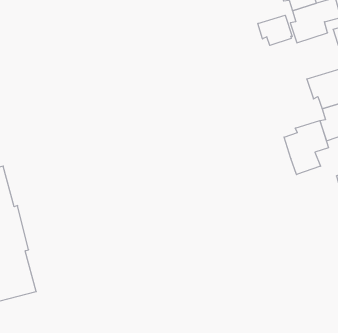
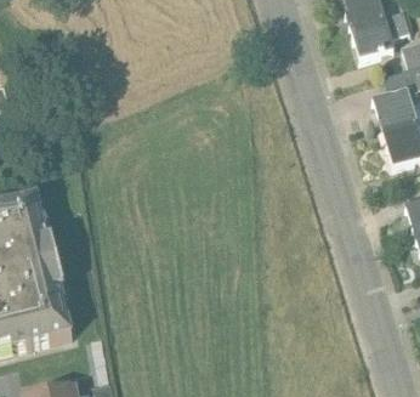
building: [258,15,292,45] -> none
building: [284,121,328,175] -> none

